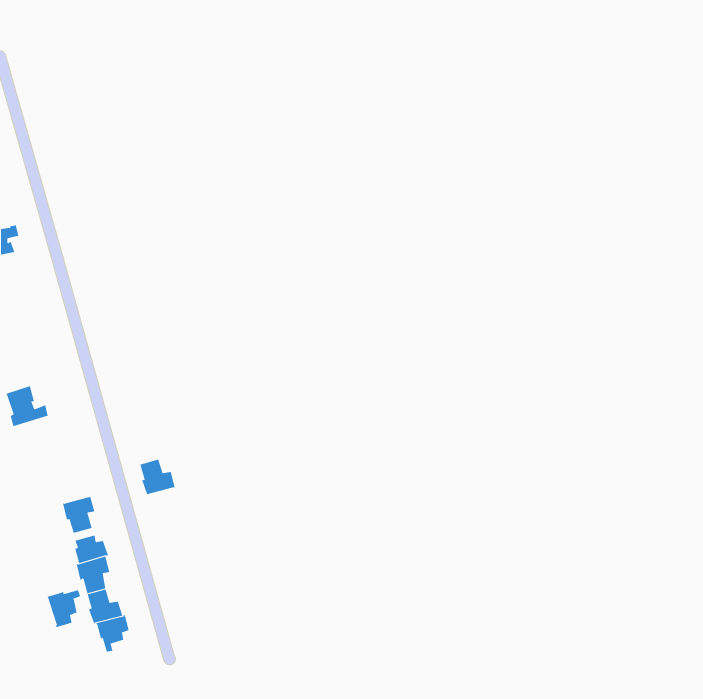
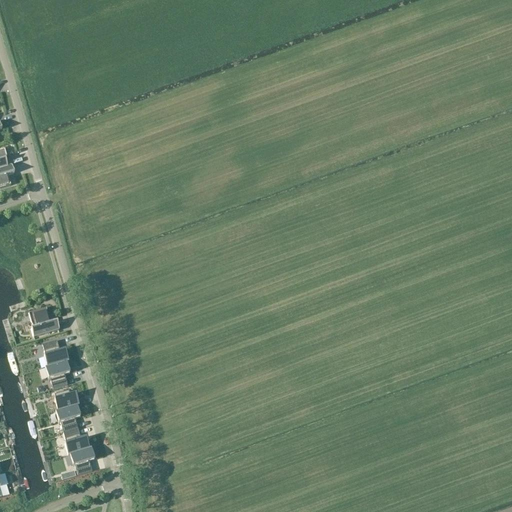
building: [6,385,49,427] -> [29,305,60,335]
building: [140,459,175,495] -> [43,339,69,365]
building: [47,589,81,628] -> none

